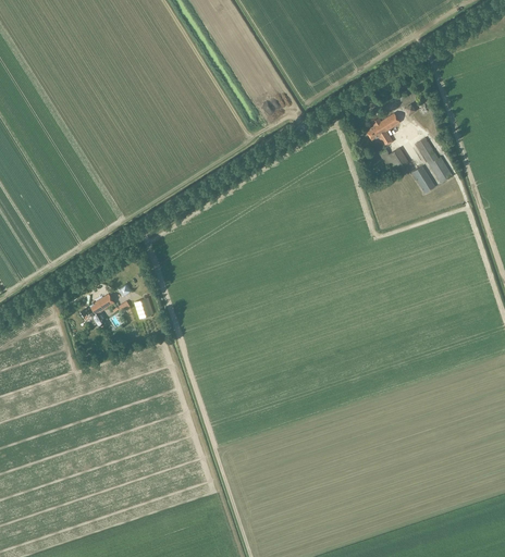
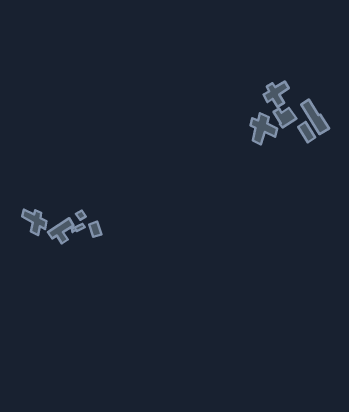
building: none -> [251,113,277,145]
building: none -> [22,209,47,235]

